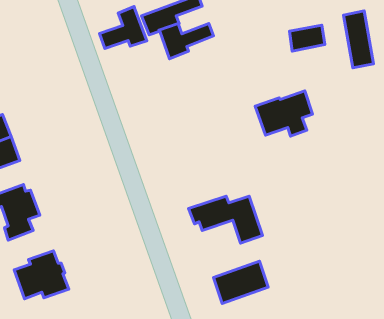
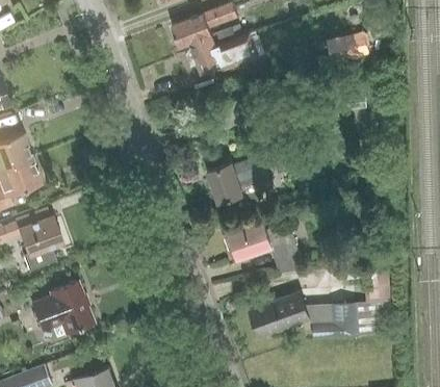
building: [99,7,147,48] -> none
building: [344,11,373,68] -> none
building: [255,91,313,136] -> [205,154,267,203]
building: none -> [312,303,377,339]

